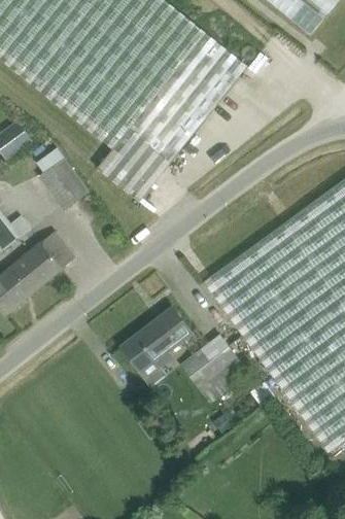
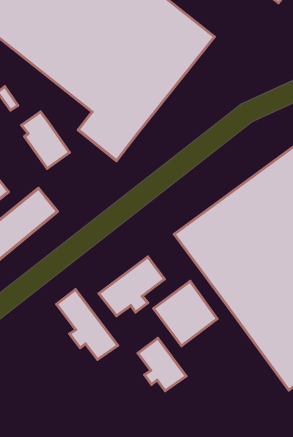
building: none -> [56,290,118,360]
building: none -> [138,338,186,391]

